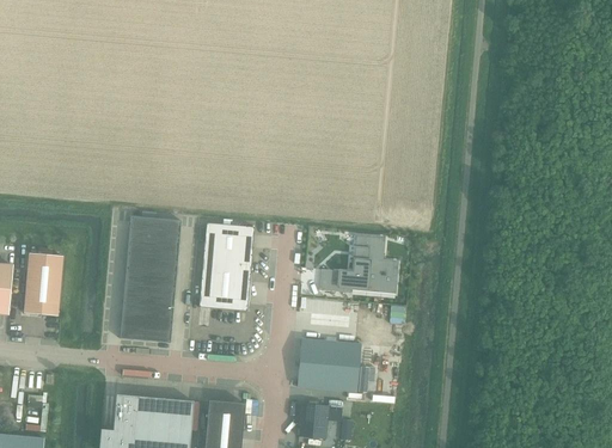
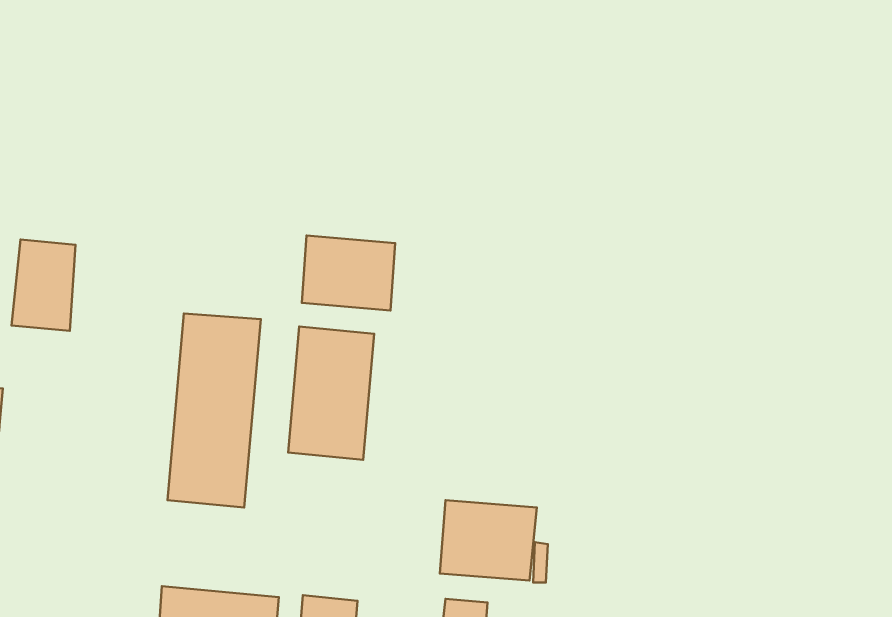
building: none -> [302,236,395,311]
building: [319,235,394,293] -> none
building: [22,251,63,311] -> [11,239,75,331]

